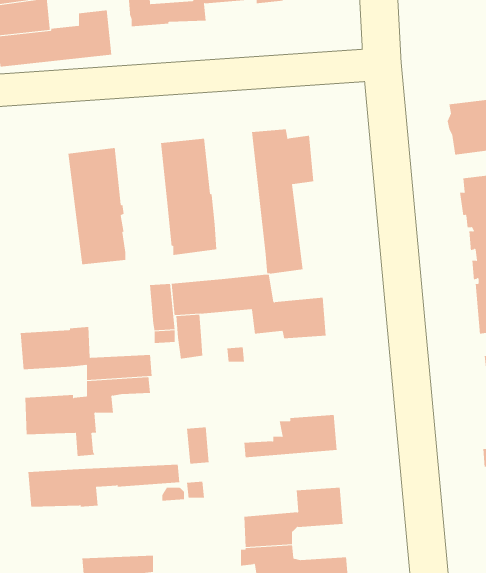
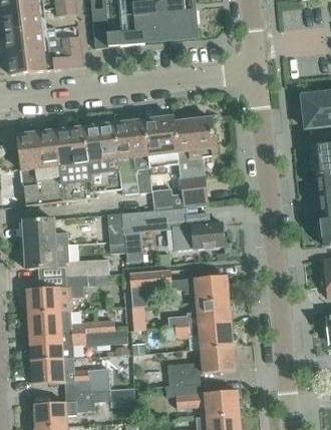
building: none -> [143,115,179,175]
building: none -> [85,122,121,193]
building: none -> [17,129,63,205]
building: none -> [151,189,184,210]
building: none -> [22,220,68,246]
building: none -> [129,269,228,301]
building: none -> [27,311,126,336]
building: none -> [170,322,232,348]
building: none -> [30,358,110,392]

